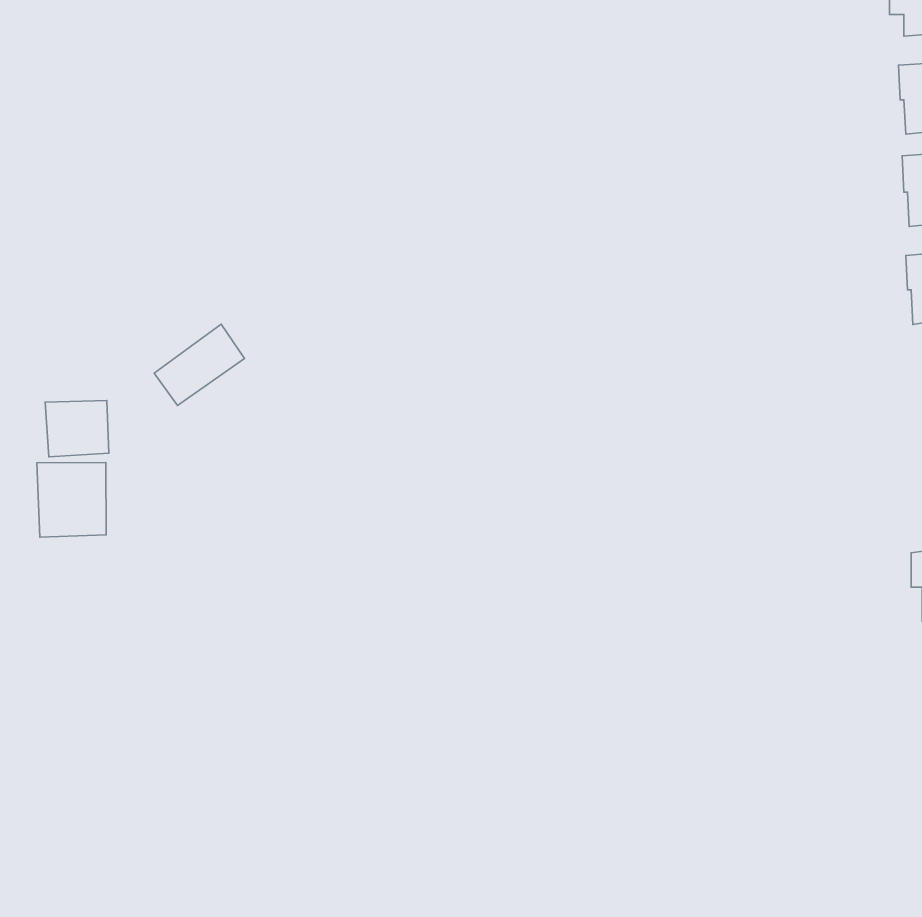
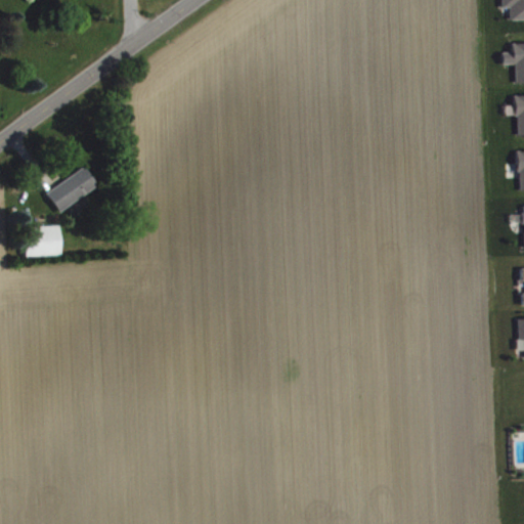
building: [154,324,245,406] -> [49,167,100,213]
building: [37,463,106,537] -> none

